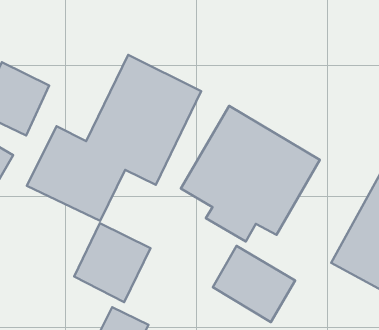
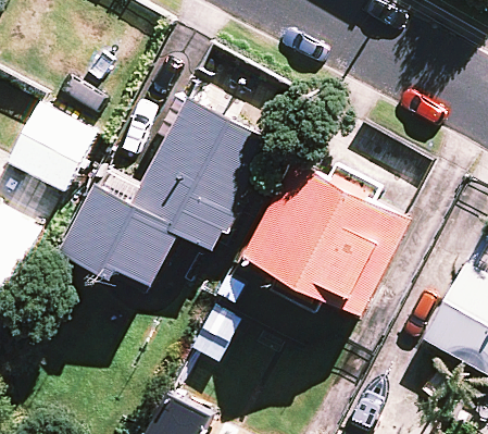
building: [74,223,151,302] -> none
building: [213,246,295,322] -> none

